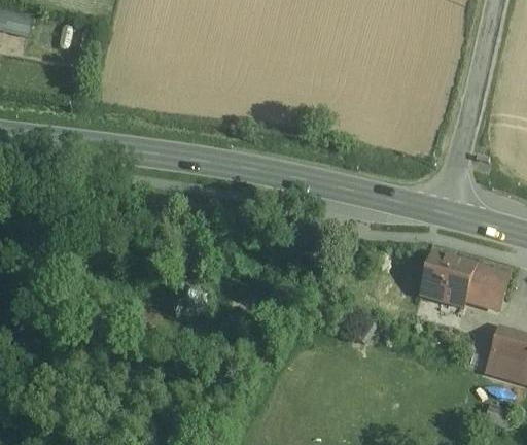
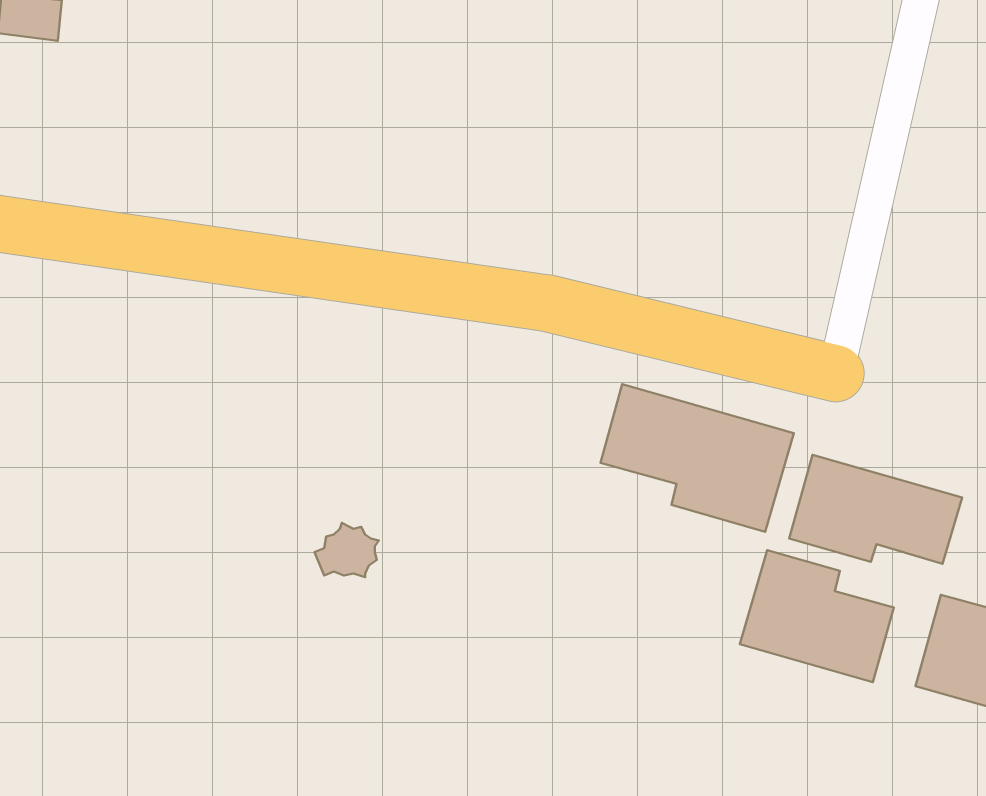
building: none -> [601,384,794,532]
building: none -> [740,550,894,682]

